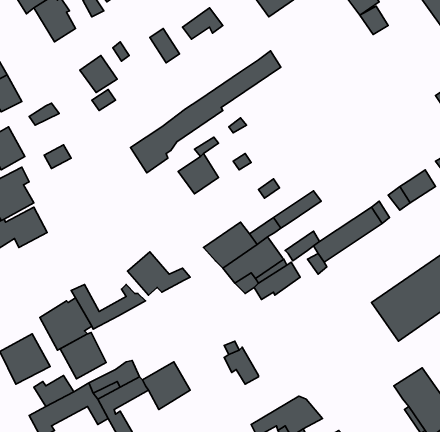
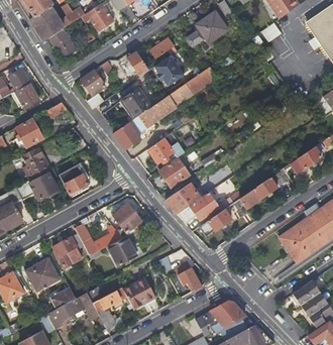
building: none -> [153,54,184,86]
building: none -> [122,88,151,118]
building: none -> [159,158,188,188]
building: none -> [58,164,88,194]
building: [60,333,106,379] -> [106,235,137,266]

